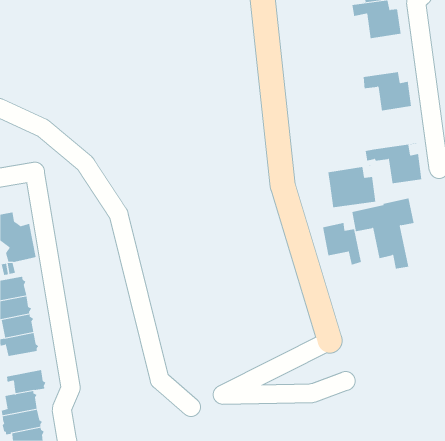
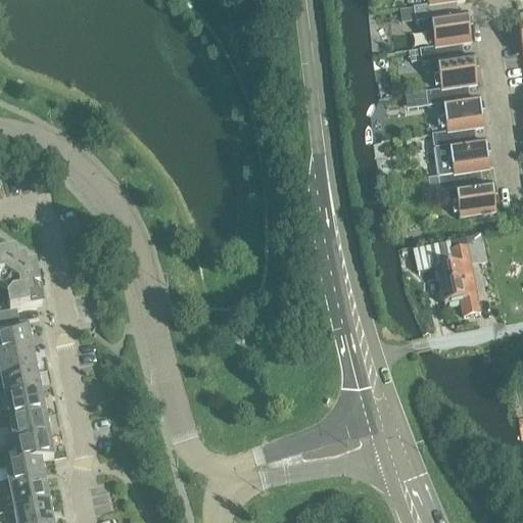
building: none -> [418,40,476,90]
building: [327,165,376,208] -> [431,125,488,175]
building: [322,221,362,269] -> none
building: none -> [5,412,49,441]

